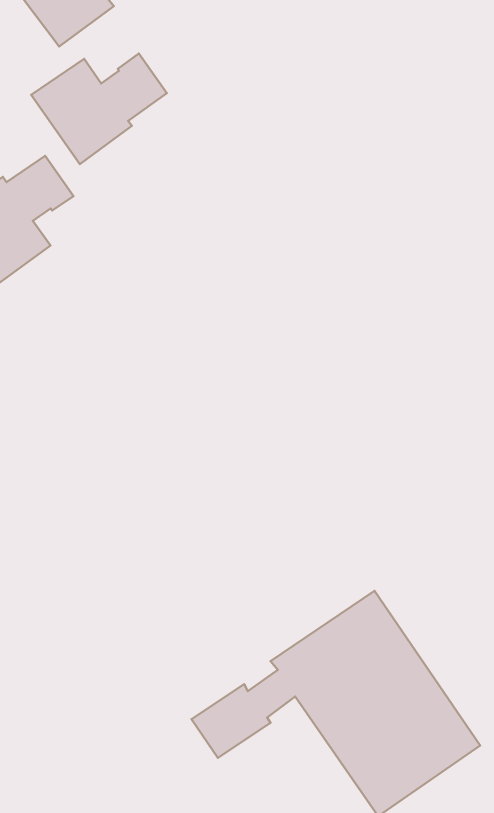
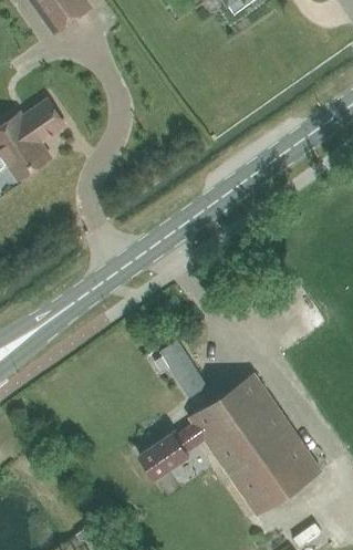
building: [31,54,167,164] -> none
building: none -> [159,341,207,398]

